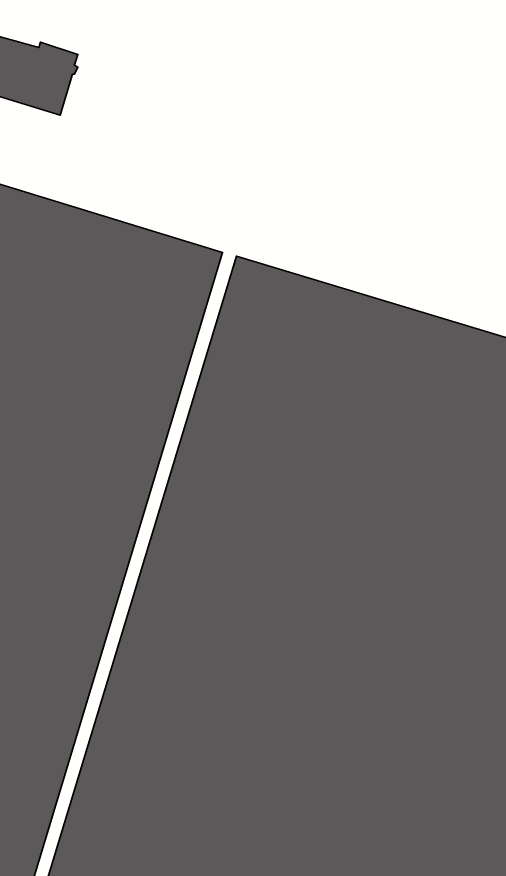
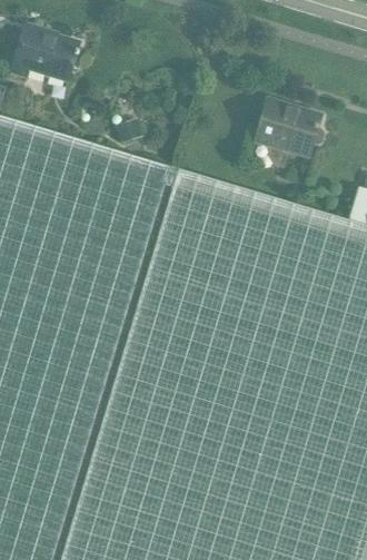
building: none -> [256,101,326,158]

